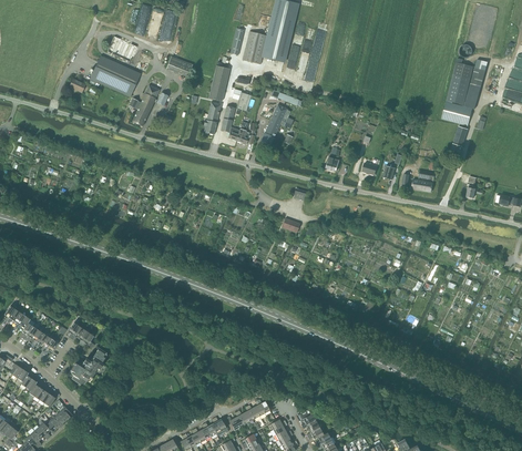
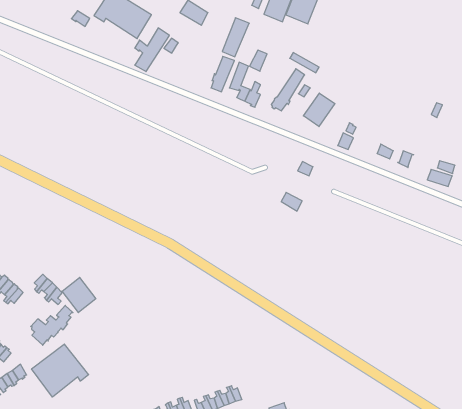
building: none -> [303,93,335,127]
building: none -> [62,277,96,313]
building: none -> [32,344,89,397]

